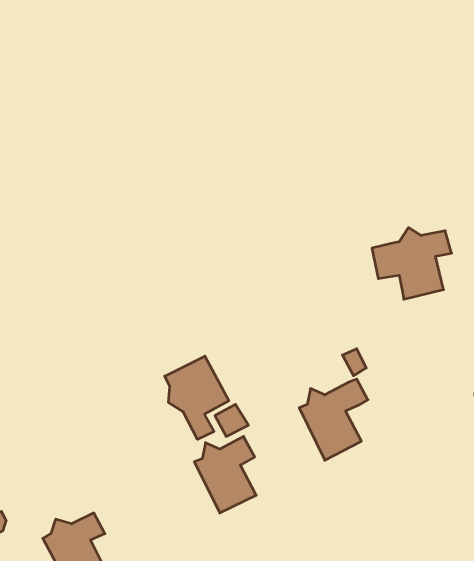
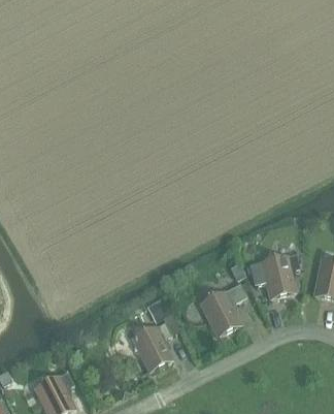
building: [372,228,452,299] -> [248,251,300,297]
building: [165,356,229,439] -> none

